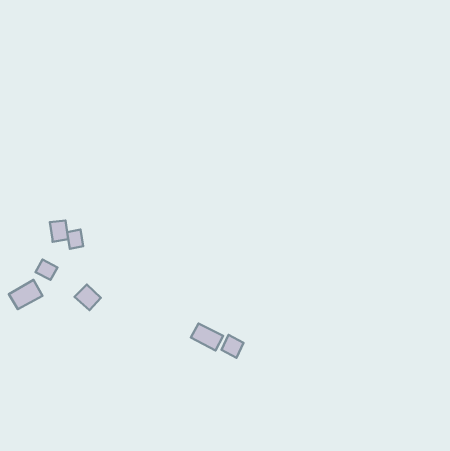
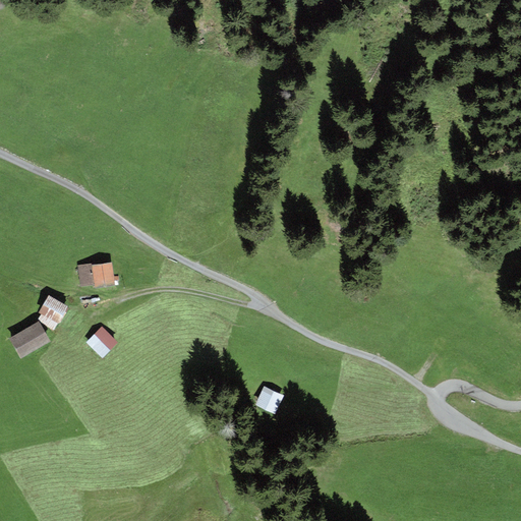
building: [50,220,68,242] -> [93,262,114,286]
building: [191,323,223,351] -> none

